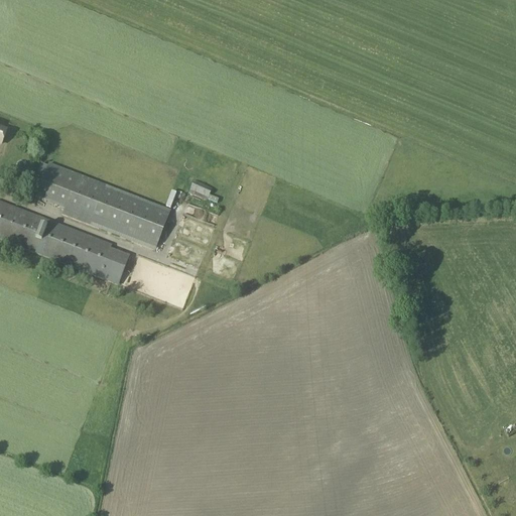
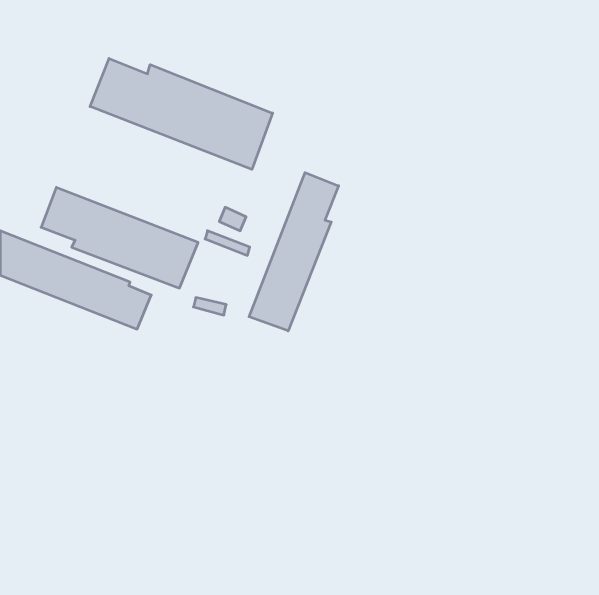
building: none -> [90,58,273,169]
building: none -> [249,173,339,331]

